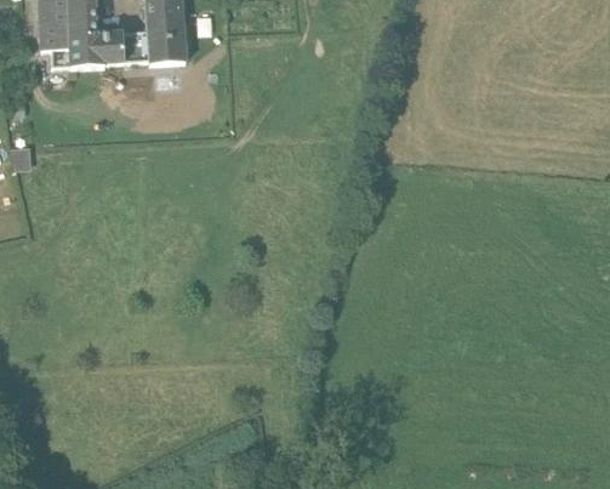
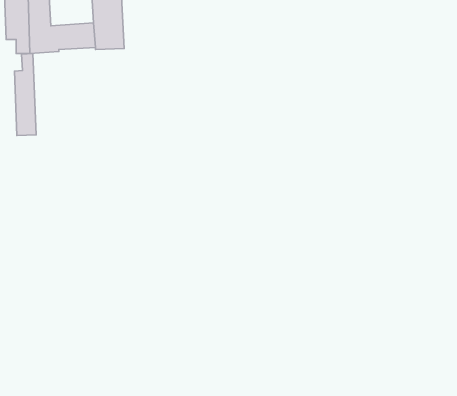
building: none -> [14,53,36,135]

